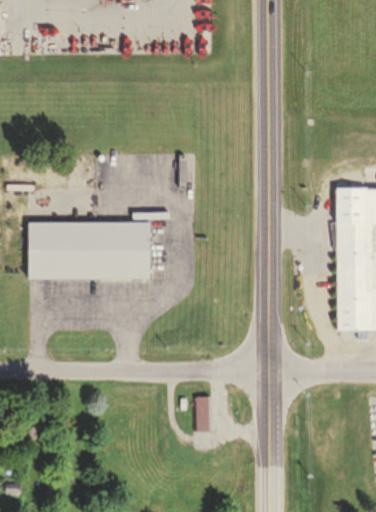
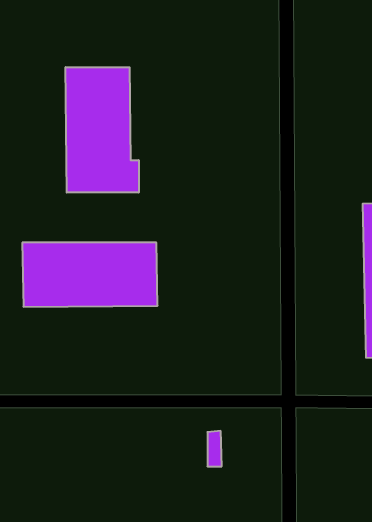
building: none -> [66,67,139,193]

